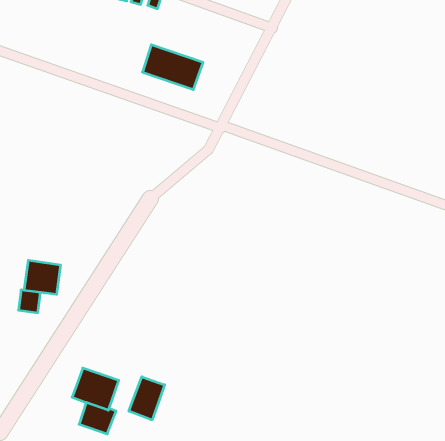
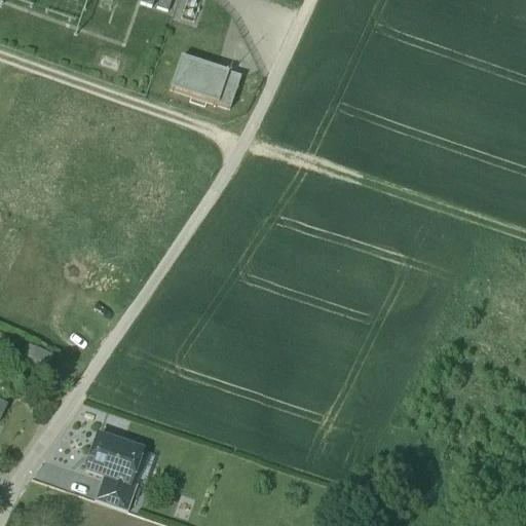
building: [24,260,60,294] -> none
building: [129,377,165,420] -> none

